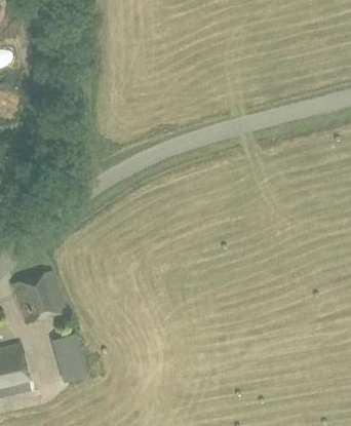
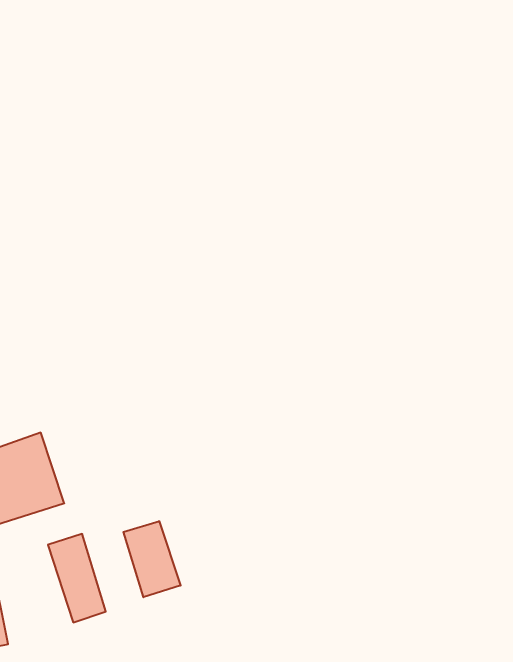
building: none -> [123,521,181,597]

